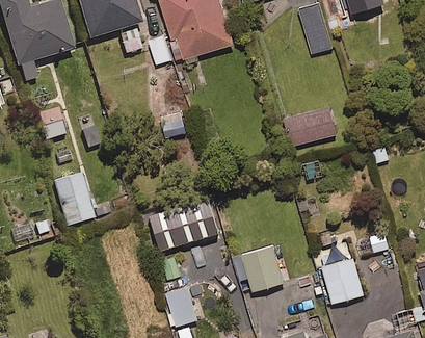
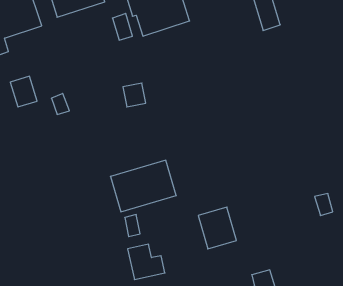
building: [286,108,336,145] -> none
building: [54,174,92,226] -> none
building: [317,242,363,304] -> none

